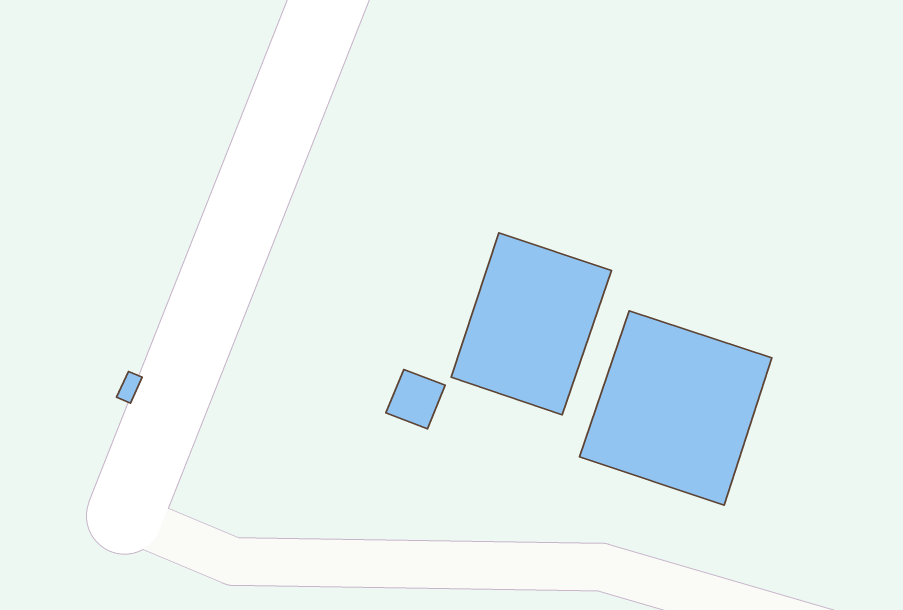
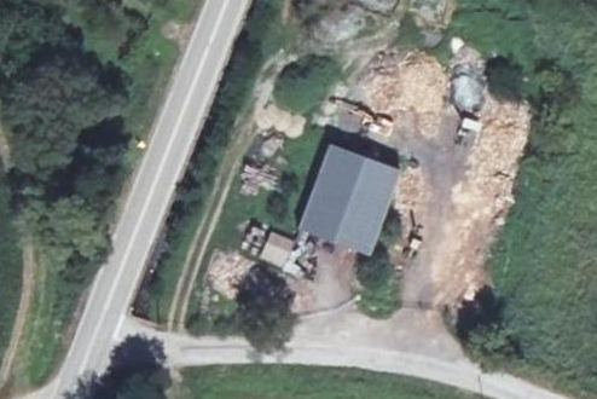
building: [580,311,772,505] -> none

